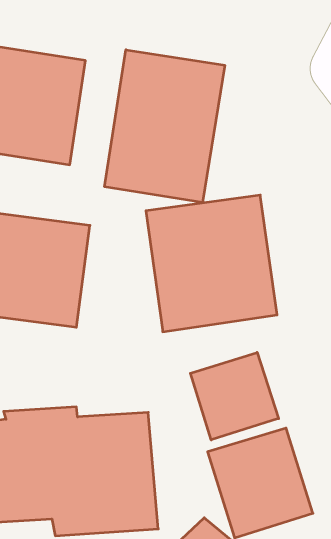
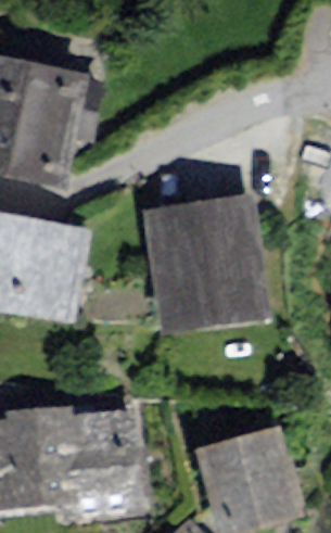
building: [105,50,225,202] -> none
building: [190,352,279,440] -> none

